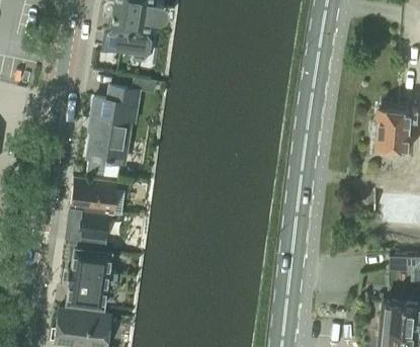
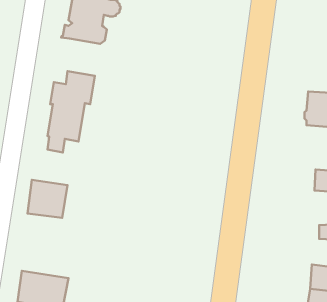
building: [70,177,128,214] -> none
building: [67,249,117,310] -> none

